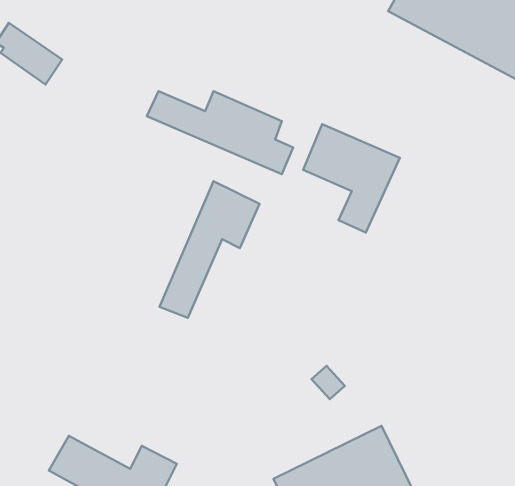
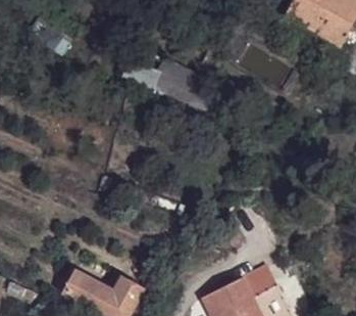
building: [303,124,400,233] -> none
building: [159,181,259,318] -> none

